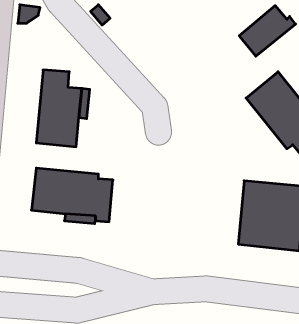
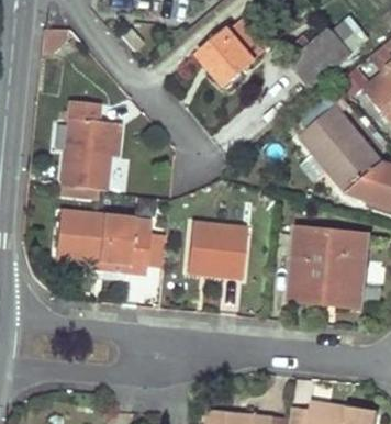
building: none -> [200,30,254,88]
building: none -> [188,223,246,277]

